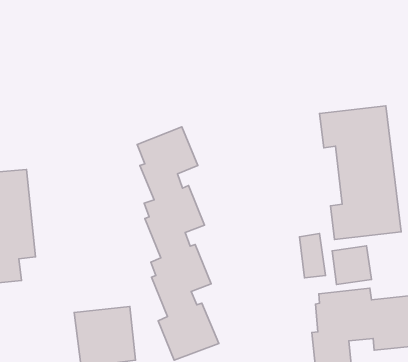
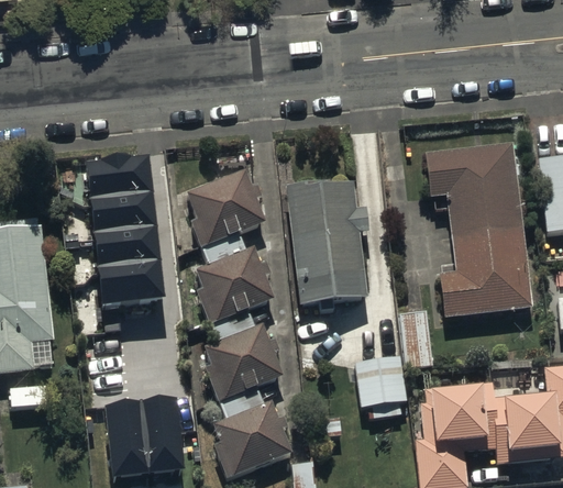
building: none -> [87,162,166,311]
building: none -> [286,178,367,307]
building: [332,246,372,284] -> [355,357,407,408]

